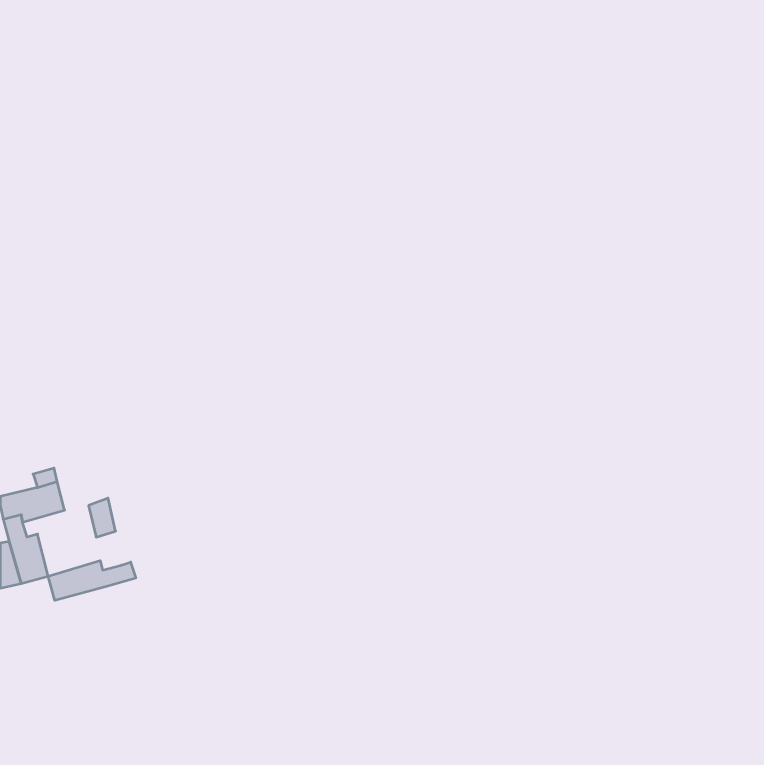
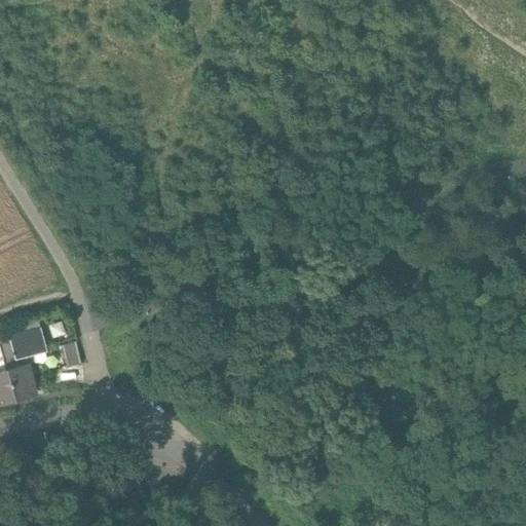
building: [48,561,136,600] -> none

